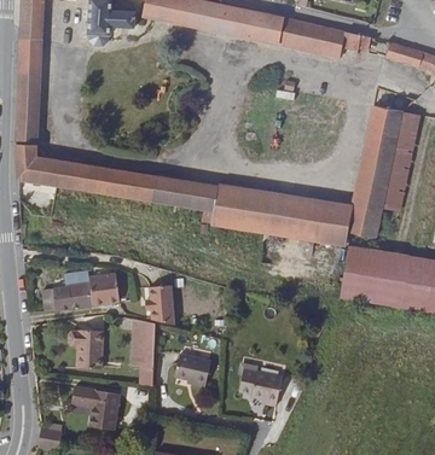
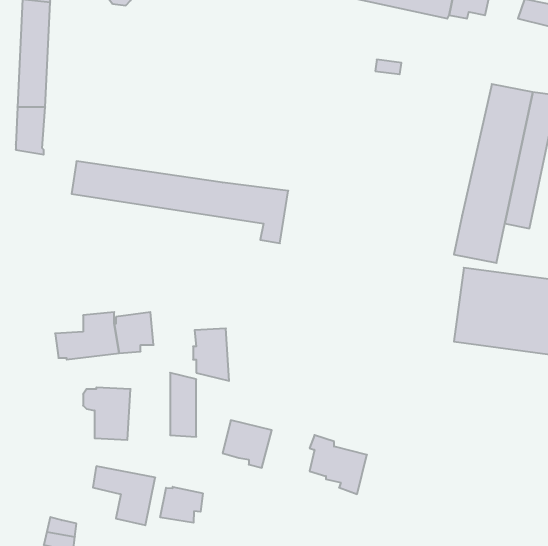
building: [19,154,64,187] -> none
building: [214,183,348,244] -> none
building: none -> [160,487,203,523]

